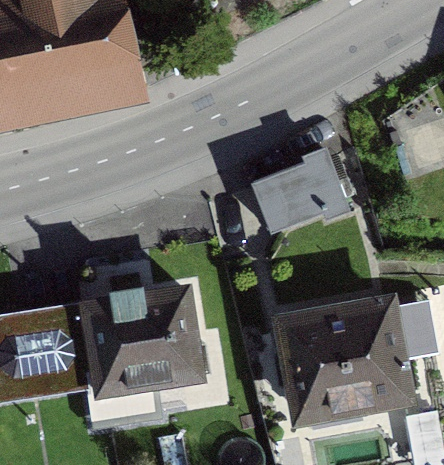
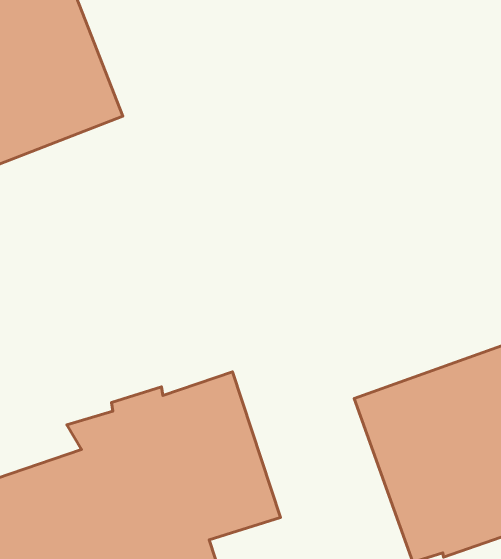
building: [251,147,346,229] -> none

